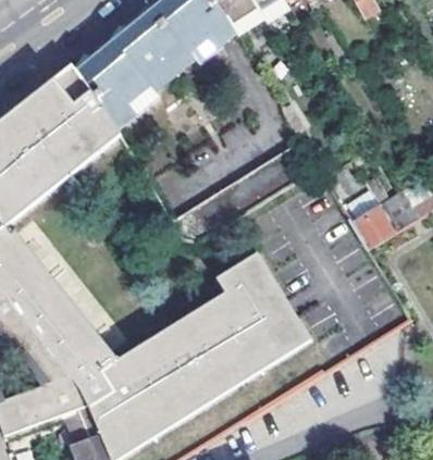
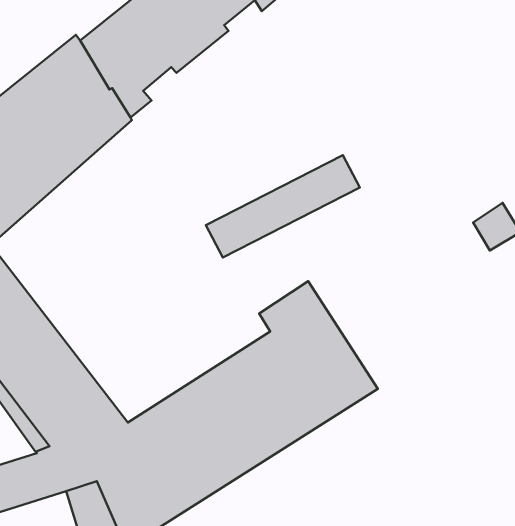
building: [350,202,396,247] -> none

